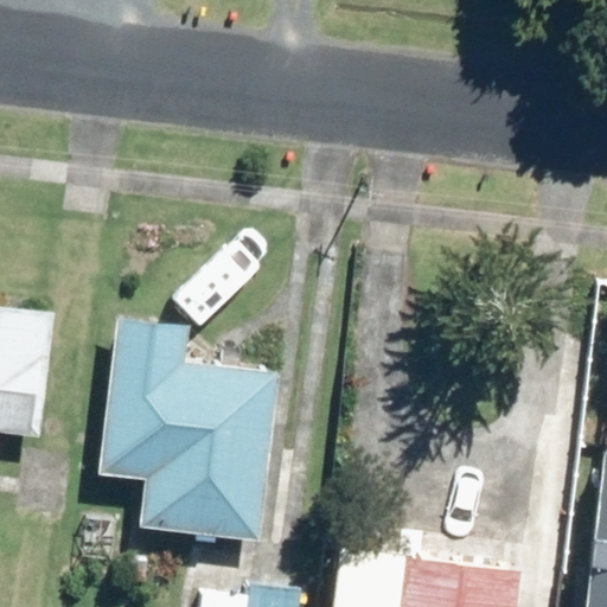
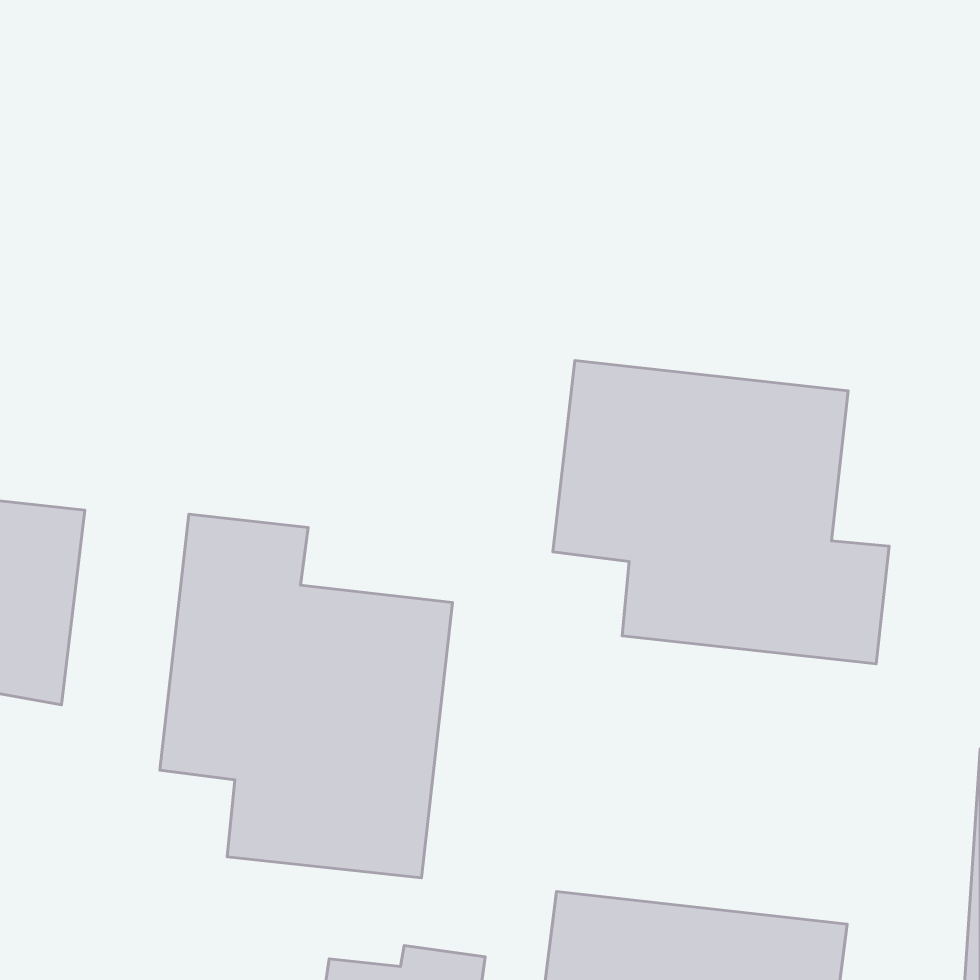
building: none -> [553,360,889,664]

